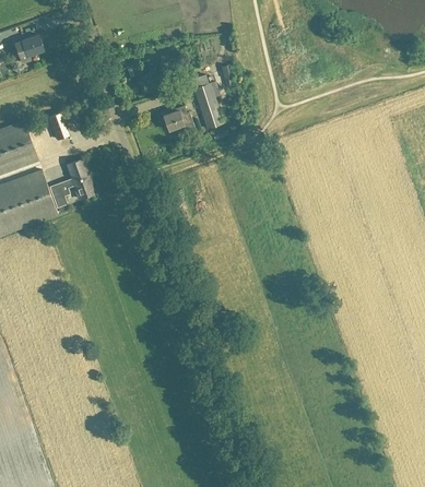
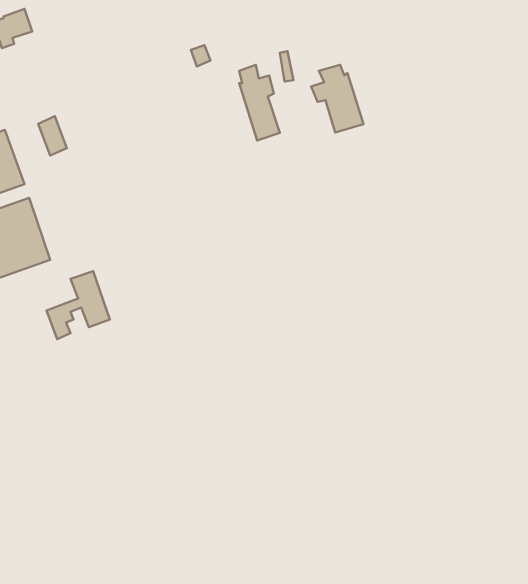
building: none -> [311,65,363,133]
building: [161,104,192,130] -> none
building: [47,156,93,205] -> [46,271,110,339]

